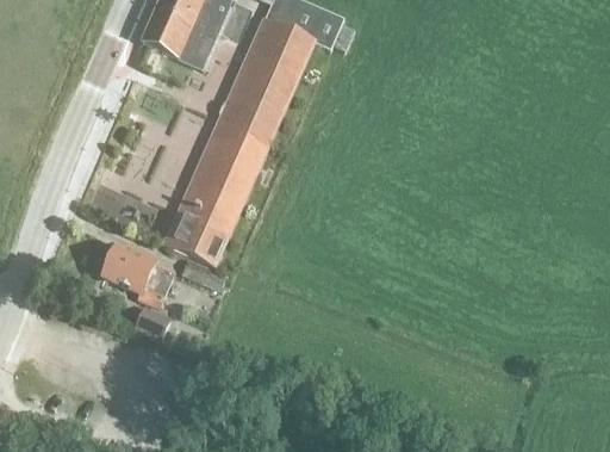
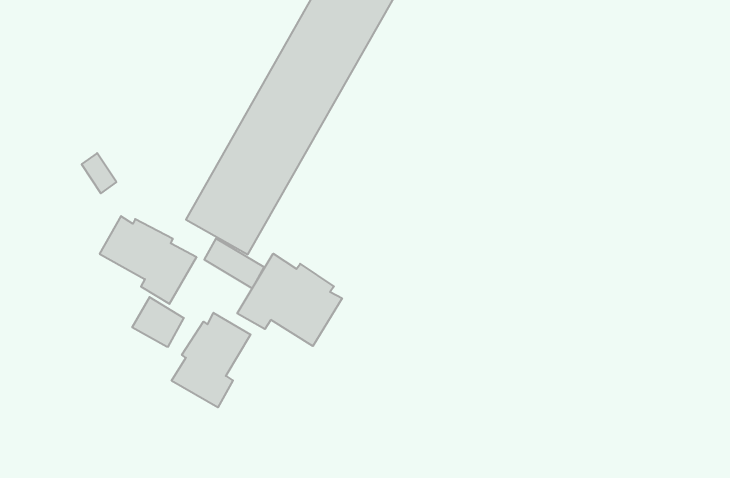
building: none -> [237,254,342,346]
building: none -> [172,313,251,407]

